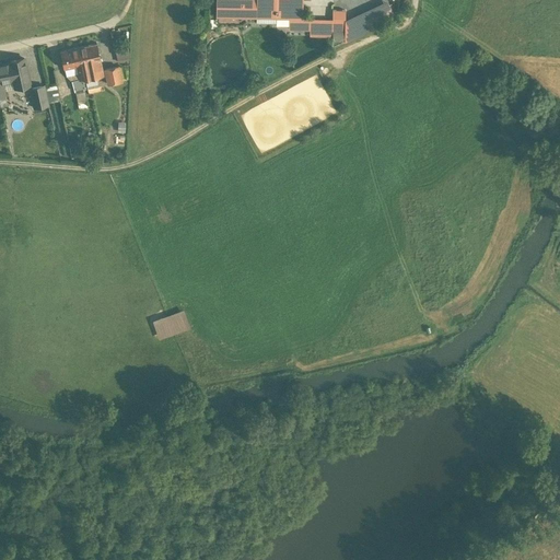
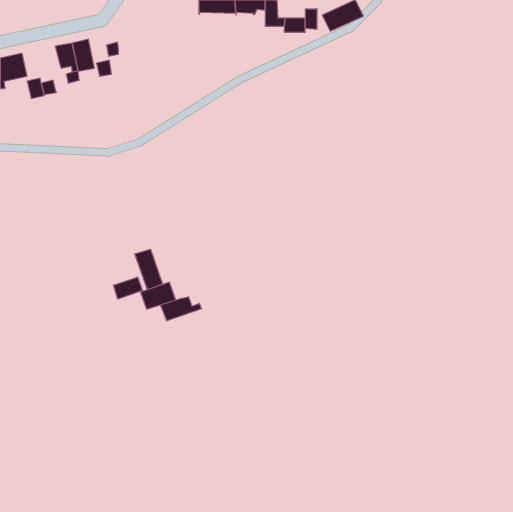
building: none -> [135,249,162,290]
building: none -> [114,277,142,299]
building: none -> [160,297,201,321]

